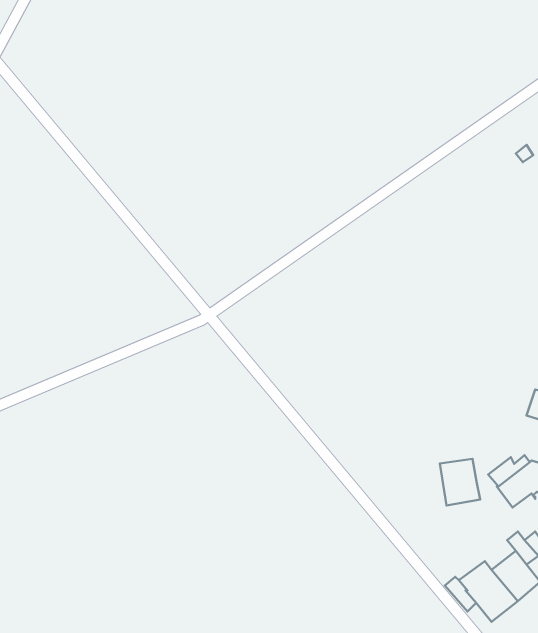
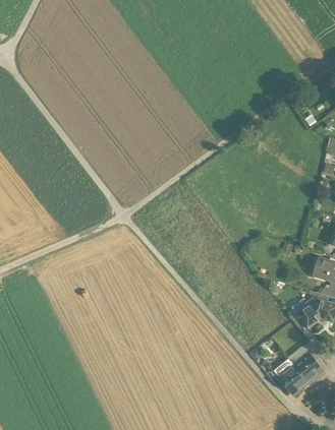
building: [440,459,480,506] -> none

